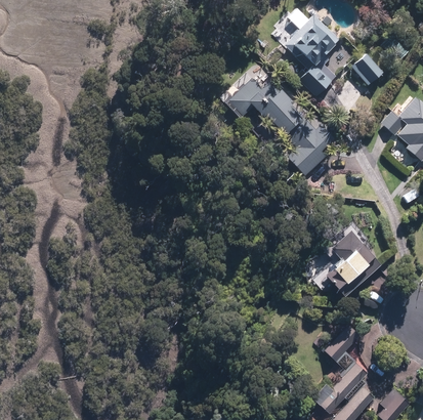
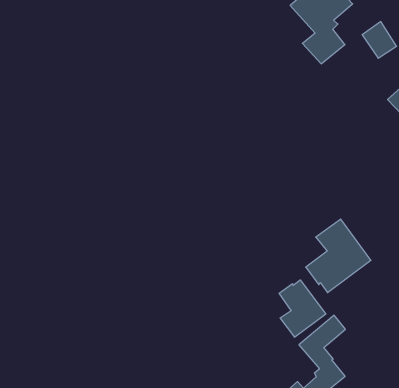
building: [229,77,336,175] -> none
building: none -> [279,280,326,337]

